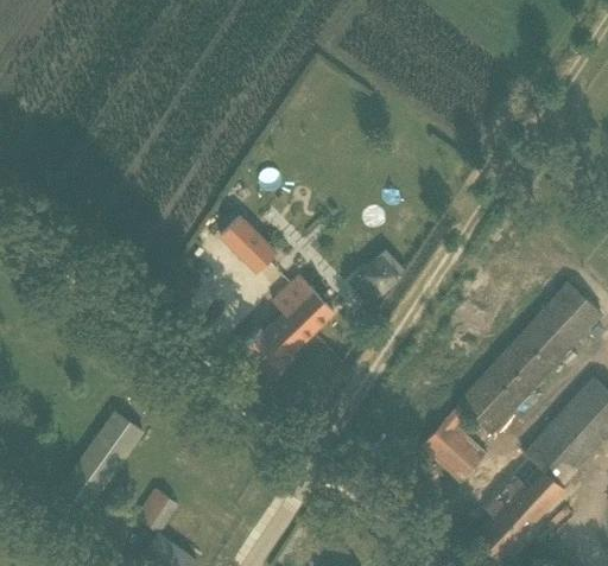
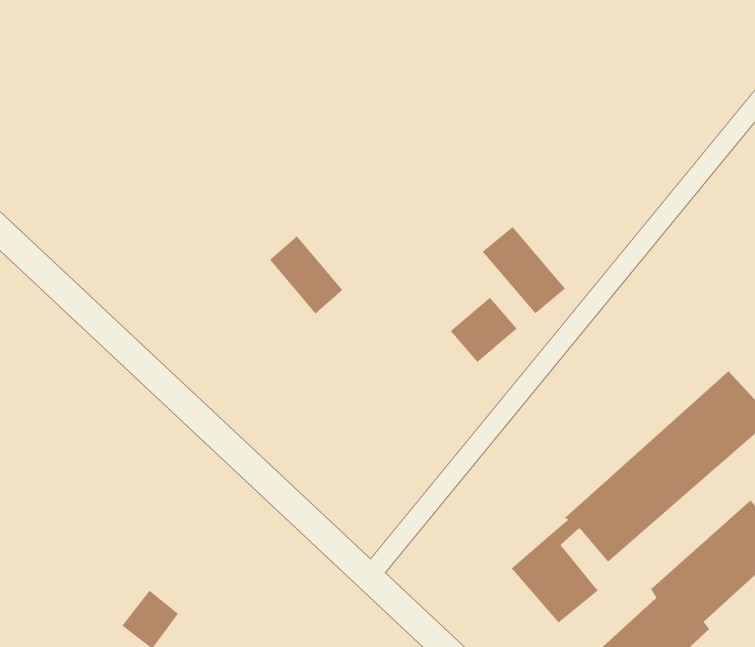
building: none -> [482,226,566,314]
building: [240,278,331,380] -> none
building: [59,411,145,511] -> none

